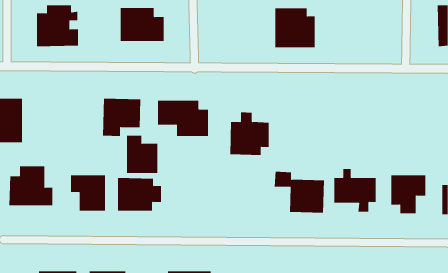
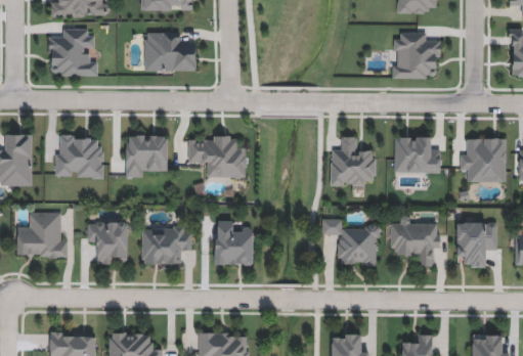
building: [274,8,315,48] -> [392,32,439,78]
building: none -> [55,135,103,179]
building: none -> [394,137,439,174]
building: none -> [460,139,506,182]
building: [229,112,269,155] -> [330,137,376,187]
building: [126,135,158,174] -> [215,222,252,266]

